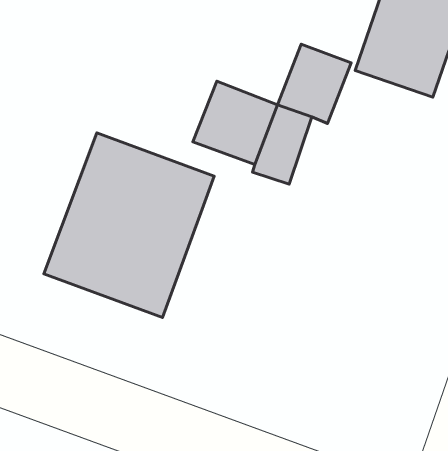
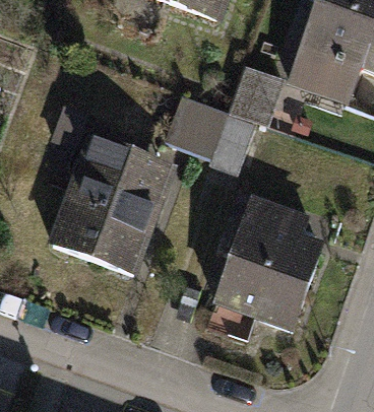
building: none -> [211,196,325,335]

